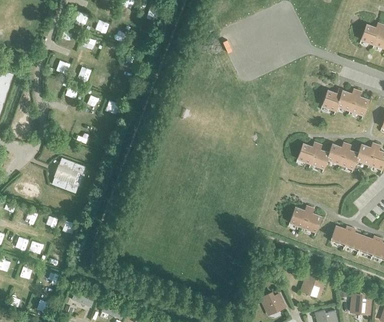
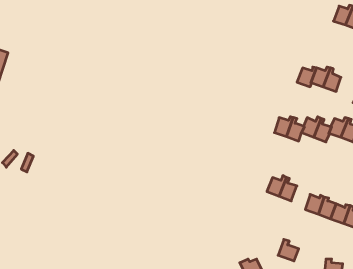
building: [52,157,85,192] -> none

